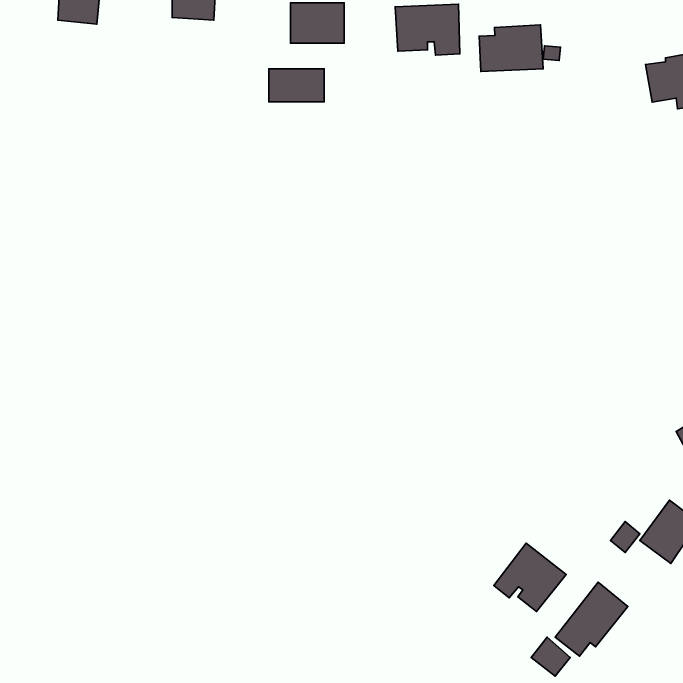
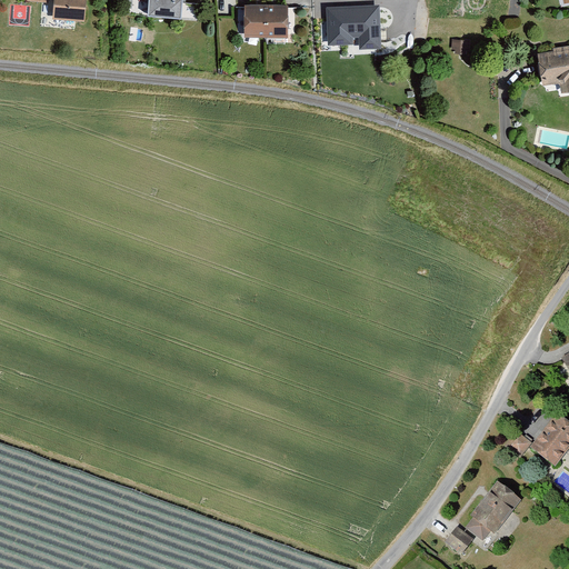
building: [479,25,543,72] -> none
building: [269,69,324,102] -> none
building: [494,543,566,612] -> none

